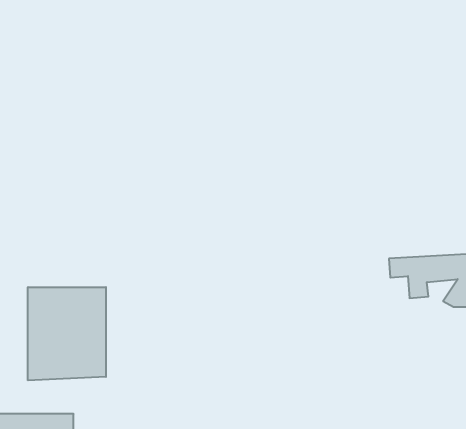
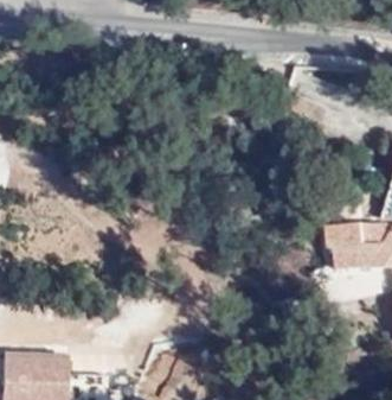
building: [28,287,106,380] -> none

